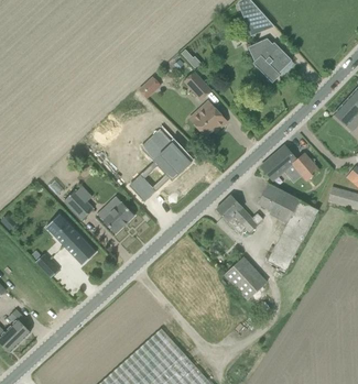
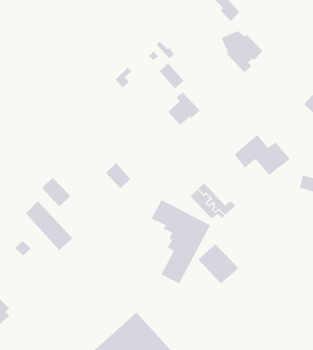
building: [147,130,193,179] -> none
building: [257,182,318,271] -> [151,197,211,284]
building: [102,196,134,233] -> none

